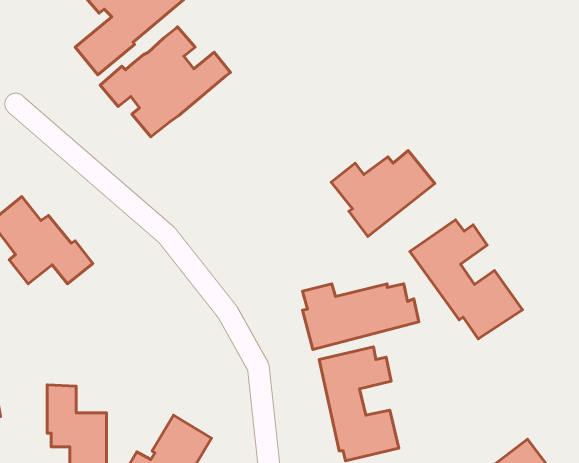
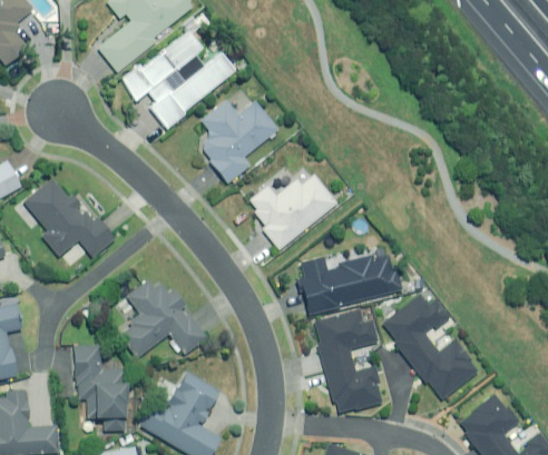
building: none -> [202,100,278,185]
building: [331,151,435,237] -> [247,175,339,250]
building: [410,220,522,339] -> [381,295,480,399]
building: none -> [119,280,207,357]

